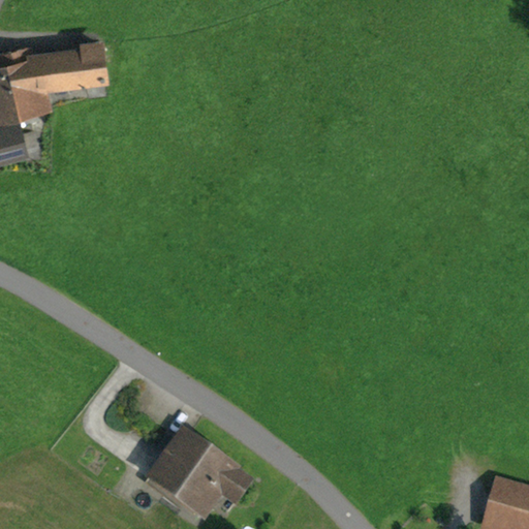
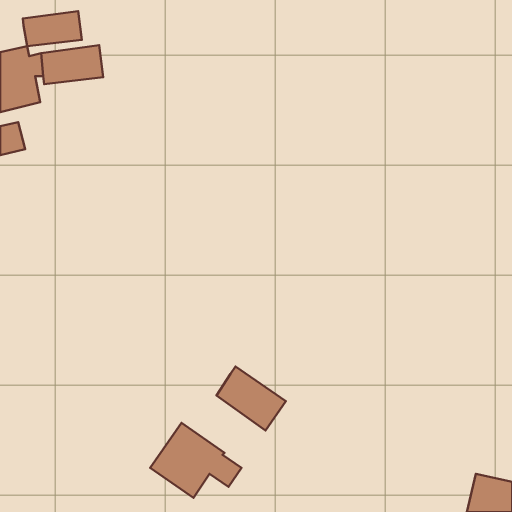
building: none -> [23,11,82,46]
building: none -> [216,367,286,431]

